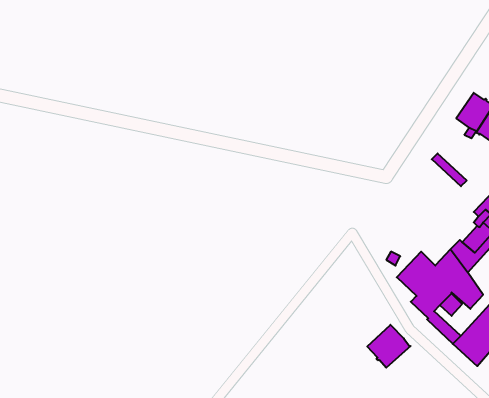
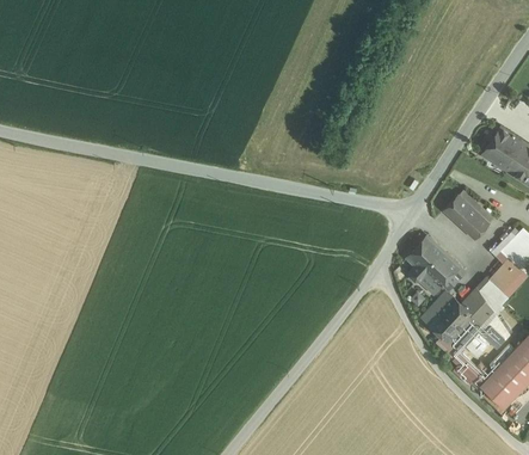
building: none -> [444,197,487,239]
building: none -> [407,236,465,290]
building: [367,325,411,368] -> none

